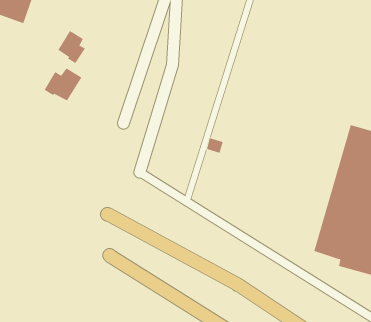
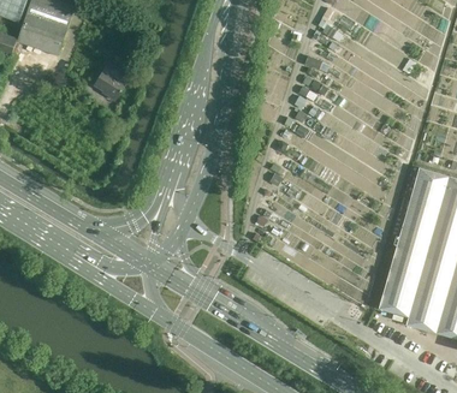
building: [44,68,82,101] -> none

